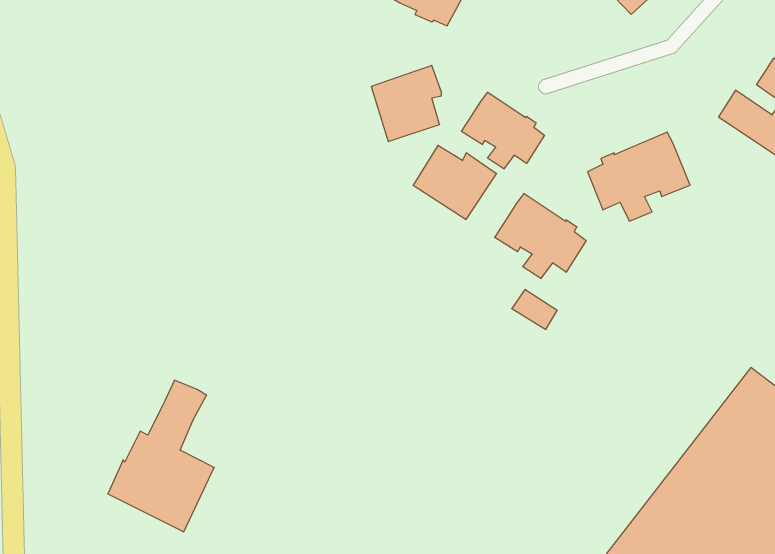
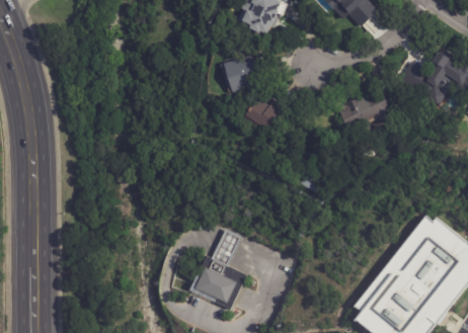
building: [462,92,544,169] -> none
building: [495,193,586,279] -> none
building: [108,380,214,532] -> [189,228,246,309]

